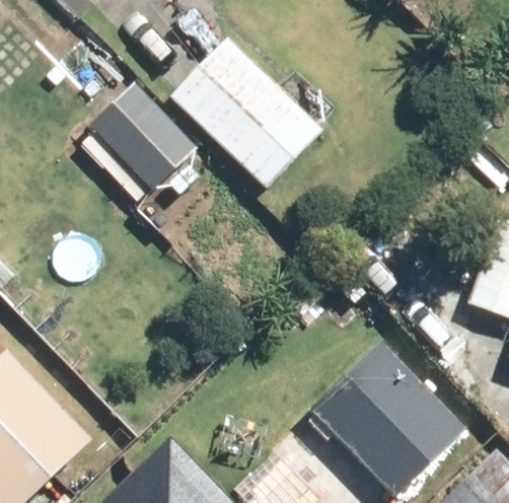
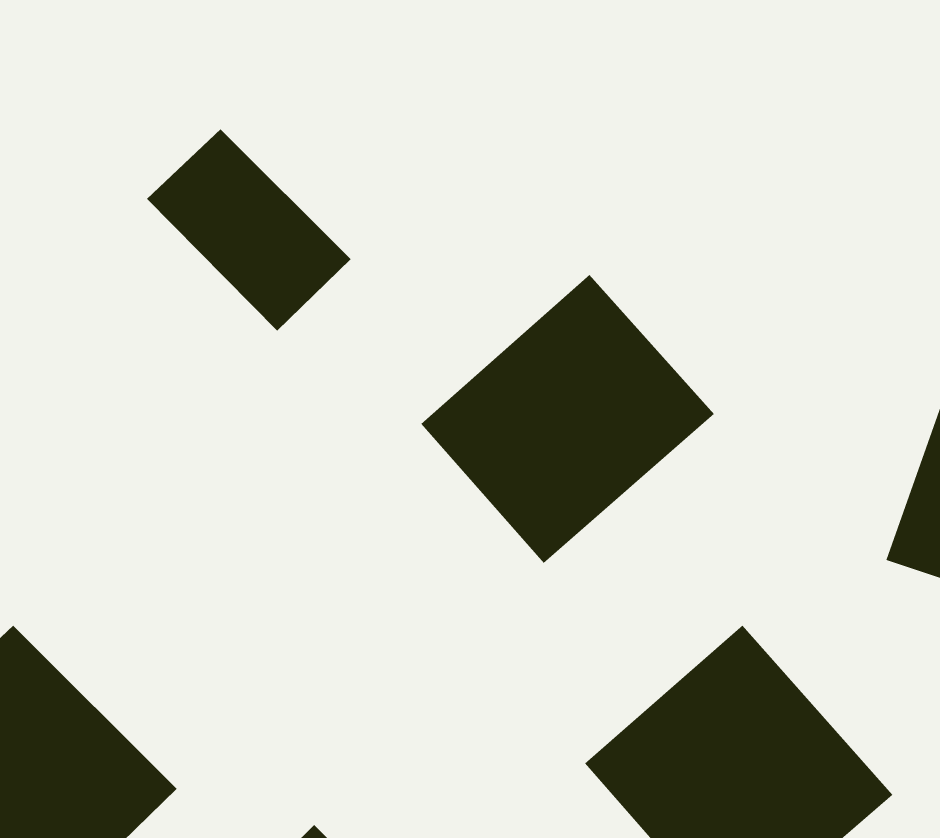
building: [172,37,325,193] -> none
building: none -> [420,274,715,564]

